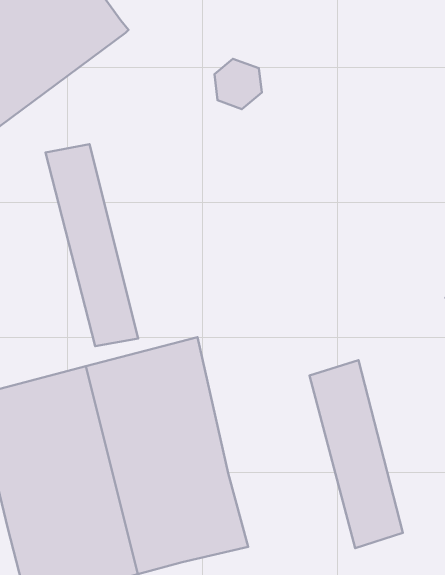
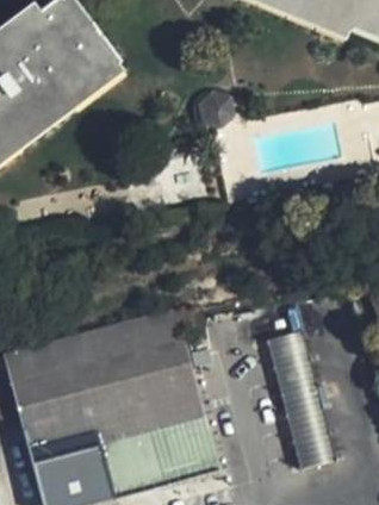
building: [46,144,138,346] -> none

